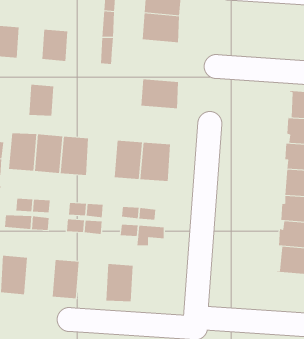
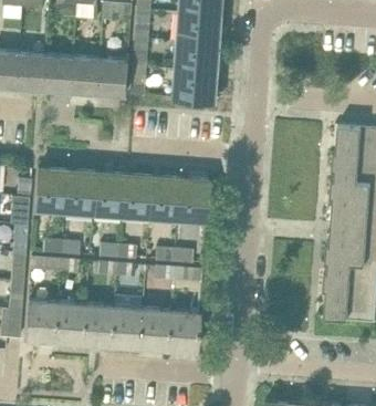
building: none -> [96,61,128,95]
building: [141,79,179,109] -> [175,70,216,102]
building: [28,84,54,116] -> [44,56,72,91]
building: none -> [118,175,150,217]
building: none -> [52,302,84,344]
building: none -> [107,306,140,348]
building: none -> [166,311,199,352]

